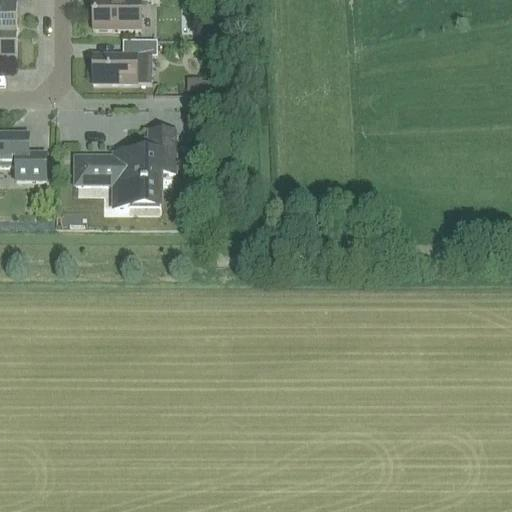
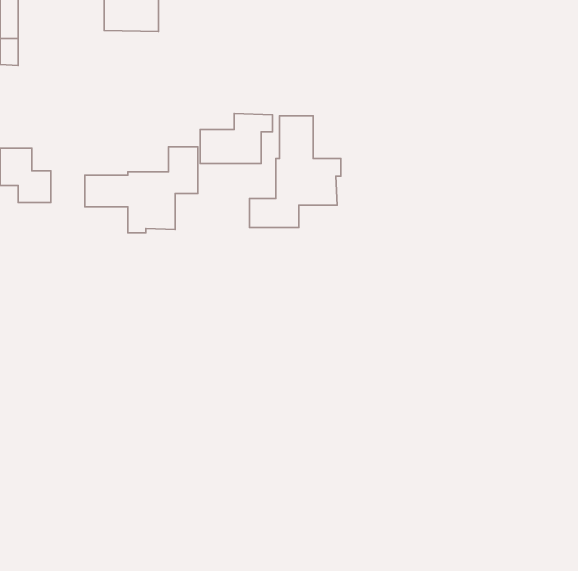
building: [92,38,156,82] -> [200,114,272,163]
building: none -> [250,116,341,227]

